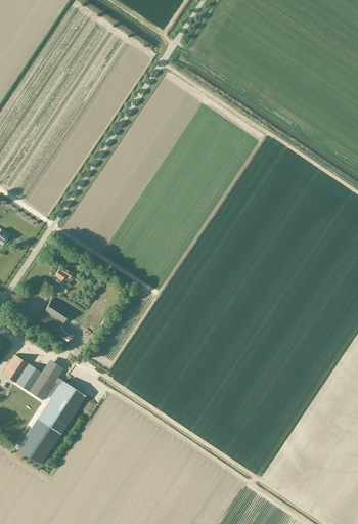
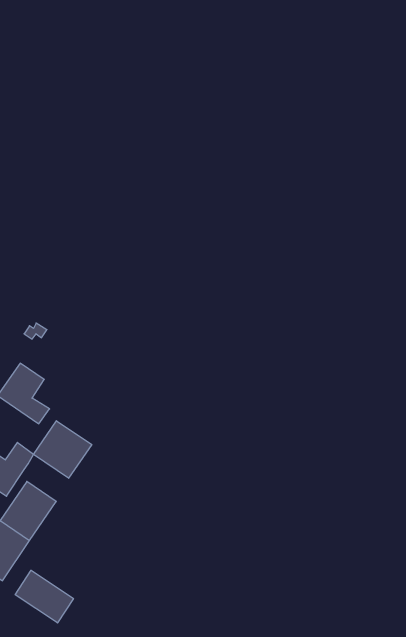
building: none -> [33,421,92,478]
building: none -> [15,570,73,623]

